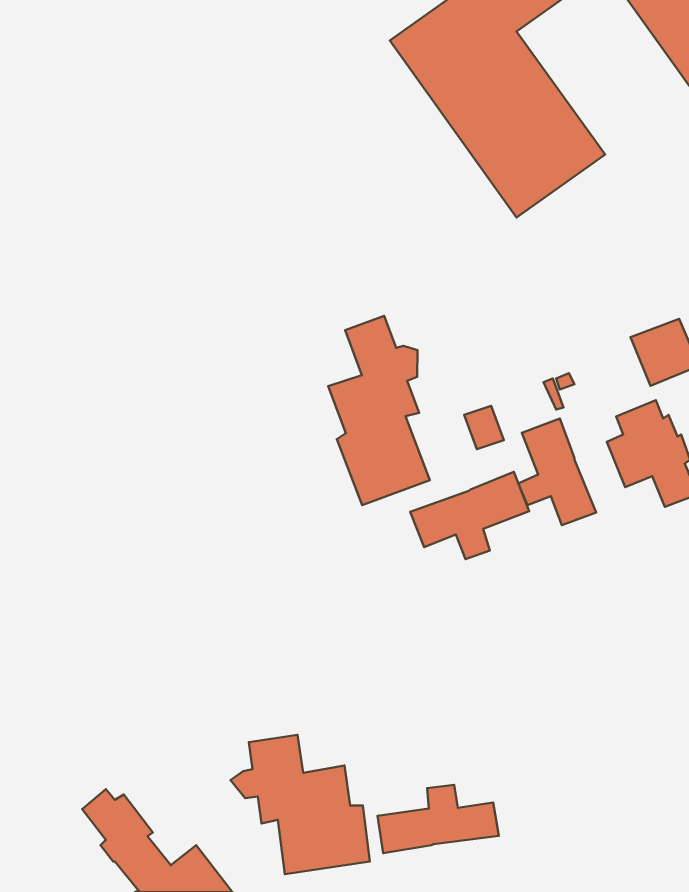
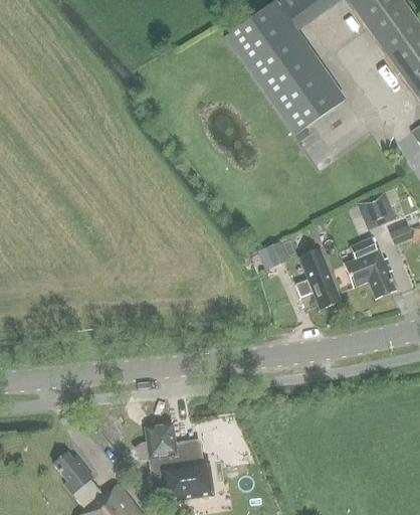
building: [328,316,430,505] -> none
building: [410,472,529,559] -> none
building: [378,785,499,853] -> none

